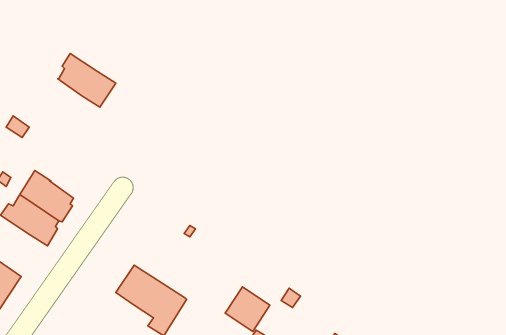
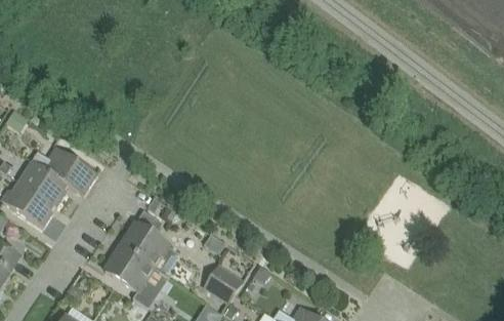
building: [58,54,116,107] -> [45,146,97,194]
building: none -> [121,222,179,274]

